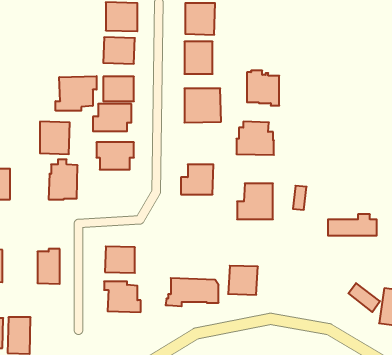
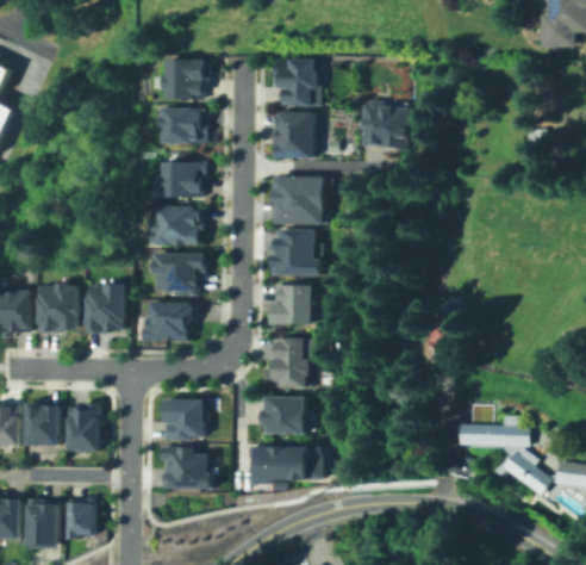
building: [247,71,279,106] -> [359,99,404,148]
building: [56,76,97,111] -> none
building: [236,122,274,155] -> [267,228,319,274]
building: [40,122,70,154] -> [36,286,77,331]
building: none -> [143,302,195,343]
building: [237,183,273,219] -> [262,340,312,390]
building: [328,214,377,236] -> [457,412,525,442]
building: none -> [26,404,58,447]
building: [228,266,258,295] -> [266,396,307,436]
building: none -> [64,492,94,542]

